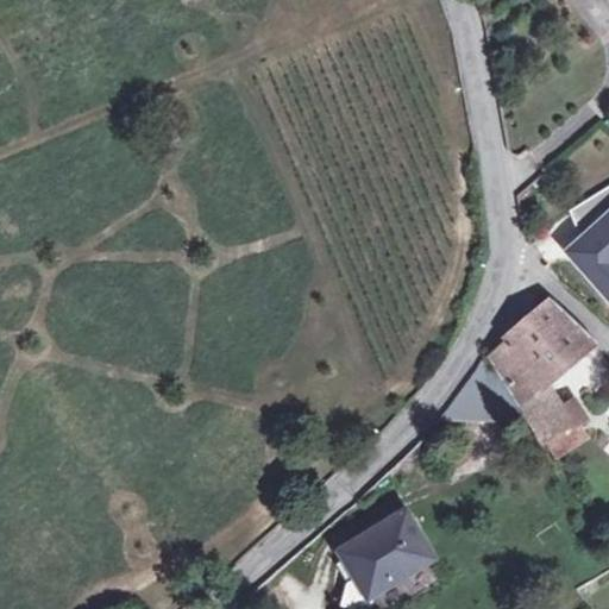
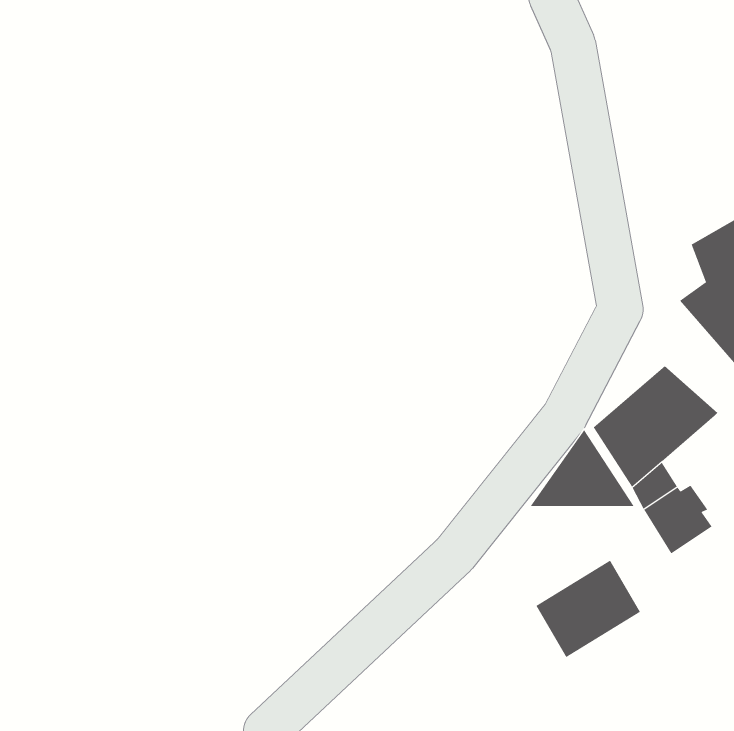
building: [346,511,433,592] -> [536,560,641,658]

